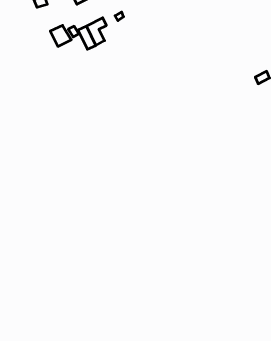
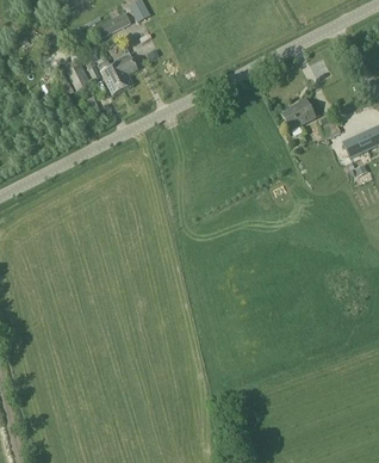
building: none -> [281,97,315,128]

